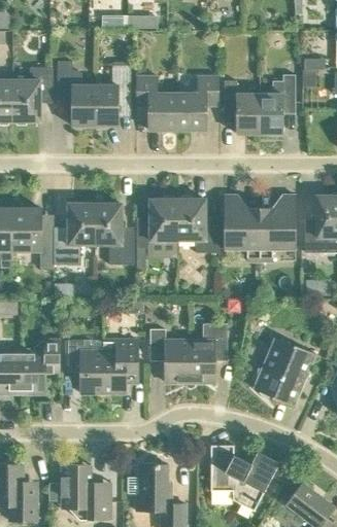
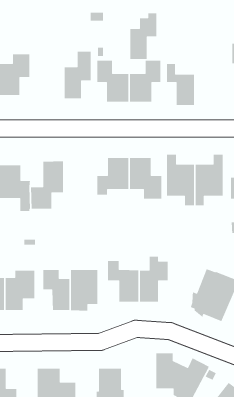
building: [57,61,95,126] -> none
building: [260,74,295,134] -> [129,13,157,60]
building: [95,203,134,265] -> none

